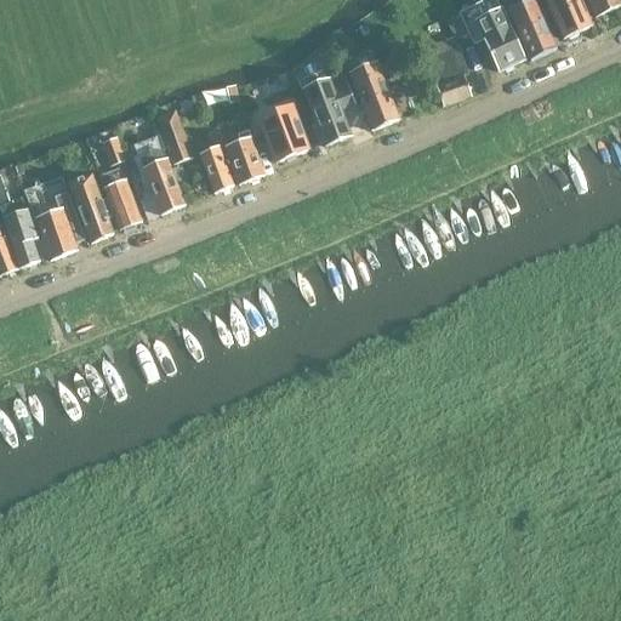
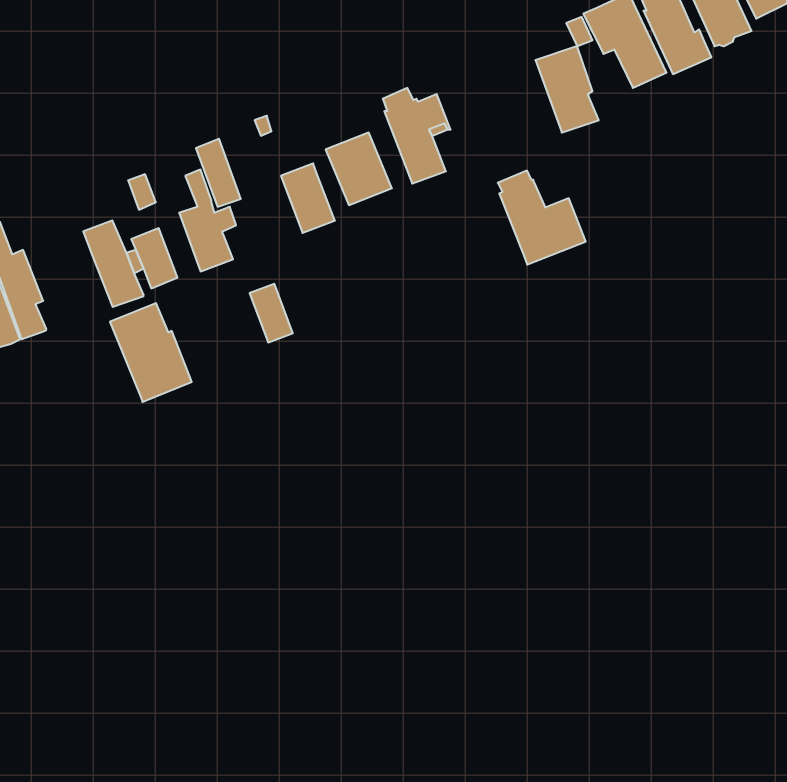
building: [347,55,416,129] -> [498,171,586,265]
building: [198,146,232,192] -> [250,284,293,342]
building: [24,180,89,257] -> [110,303,192,402]

